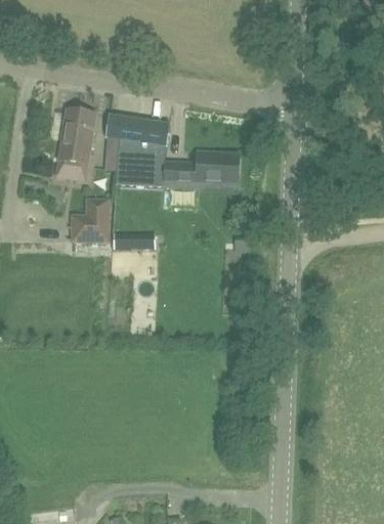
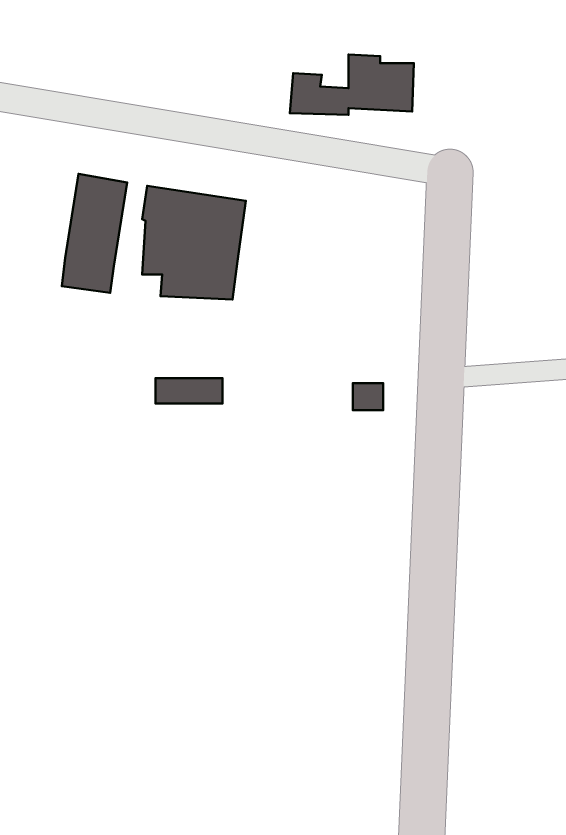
building: [162,149,238,186] -> [290,55,414,115]
building: [73,199,108,239] -> none

